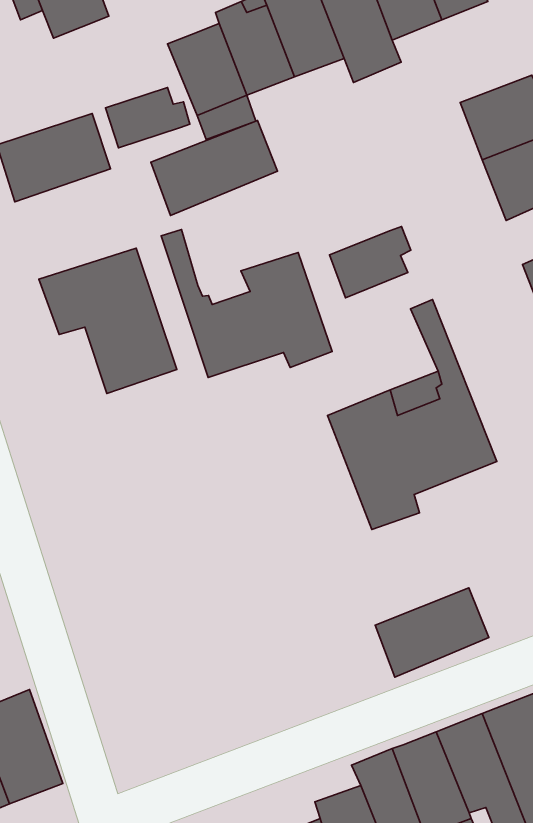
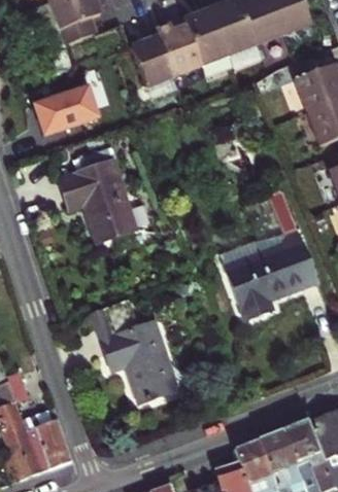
building: [105,88,190,148] -> none
building: [151,120,278,216] -> none
building: [329,226,411,298] -> none
building: [161,229,332,377] -> none
building: none -> [91,298,183,402]
building: [375,588,489,677] -> none

